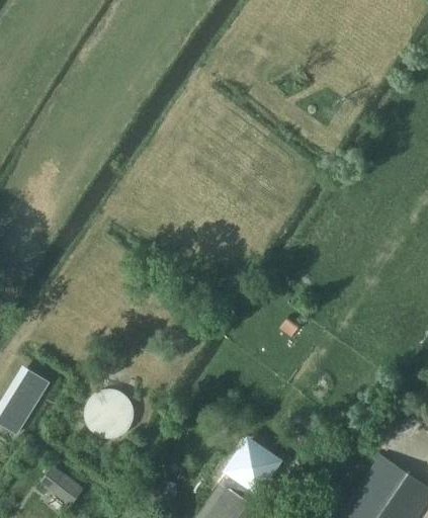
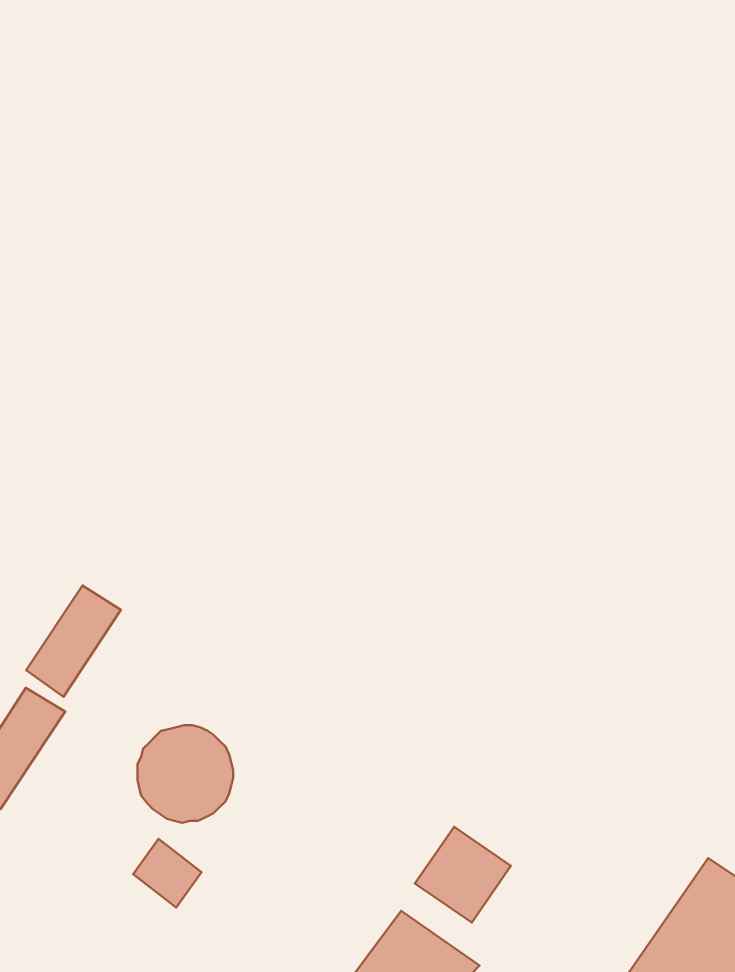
building: none -> [26,586,121,697]
building: [49,470,84,506] -> [133,839,201,907]

